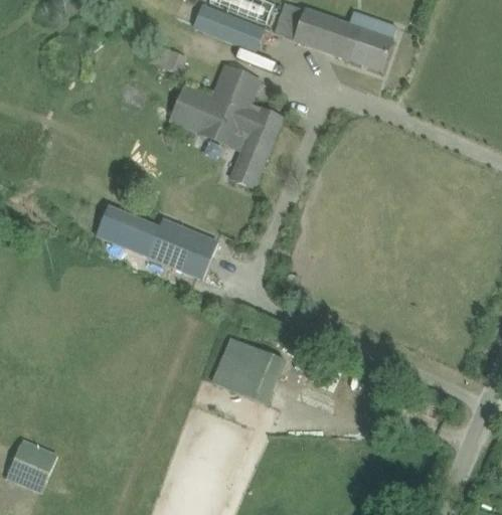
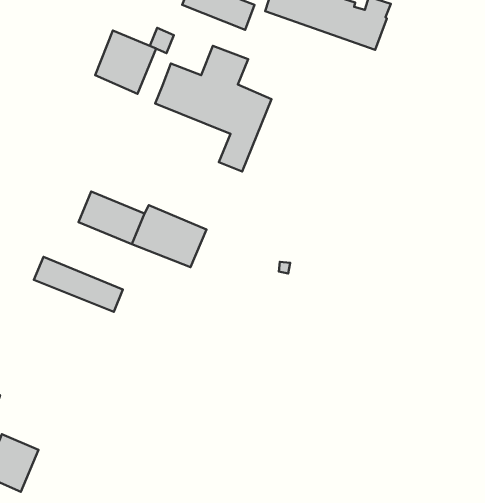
building: none -> [95,31,156,94]
building: none -> [34,257,123,312]
building: [216,343,286,404] -> none

